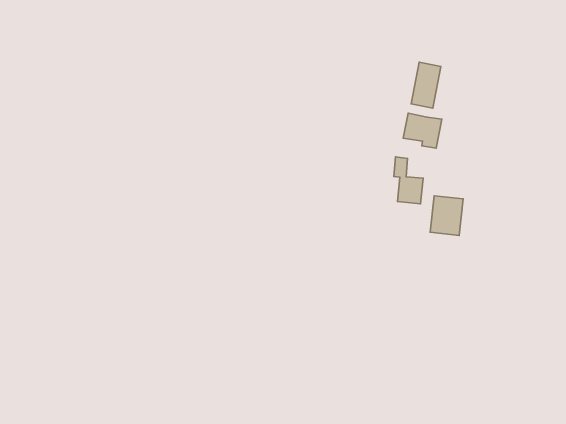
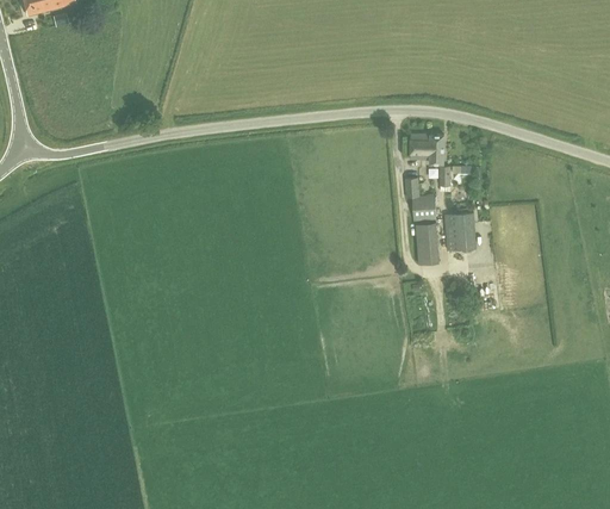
building: [411,62,441,108] -> none
building: none -> [413,222,437,263]

